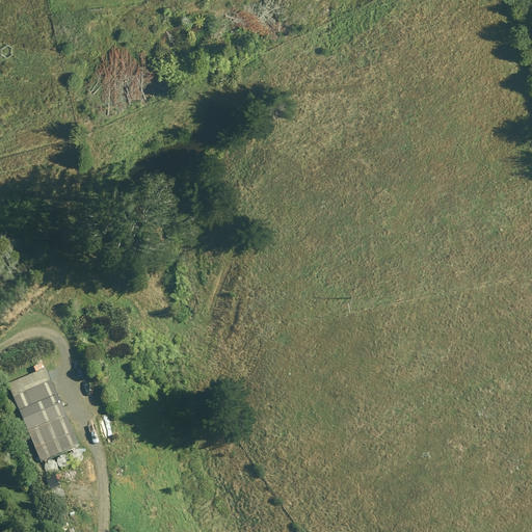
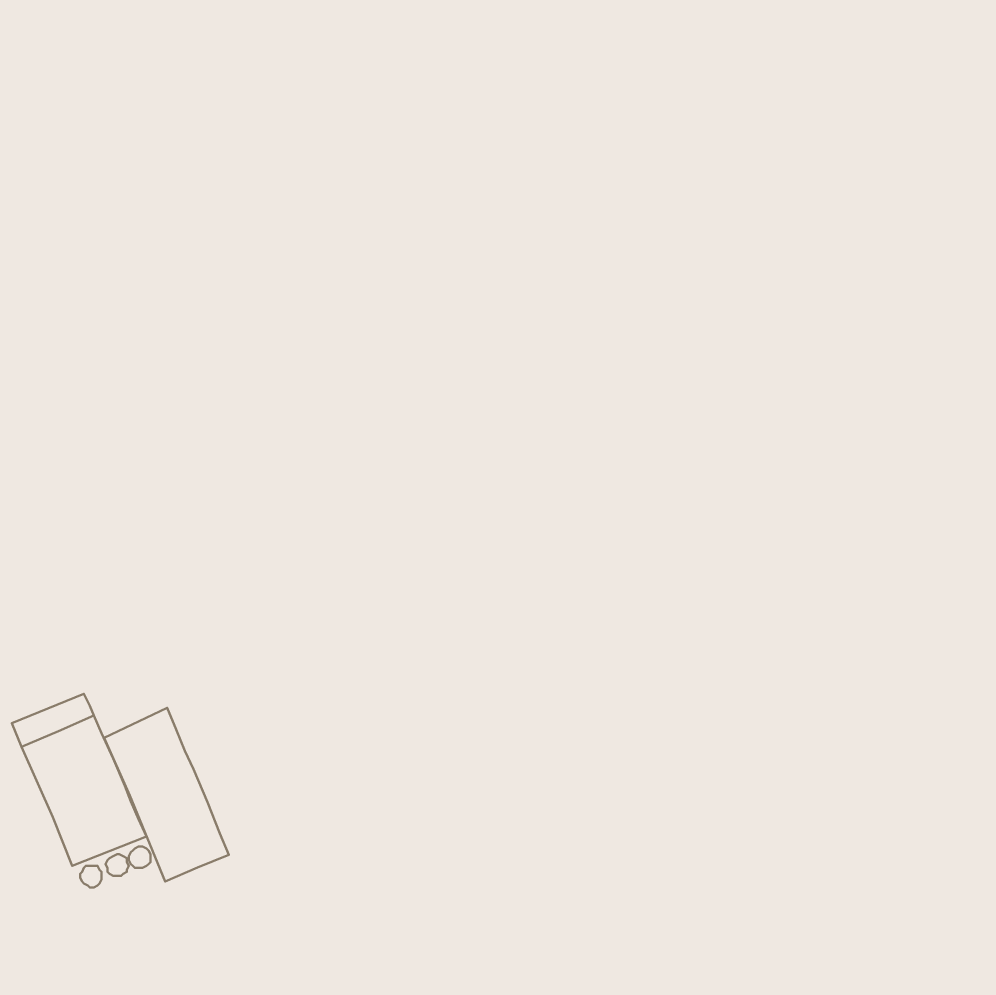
building: none -> [104,708,229,881]

